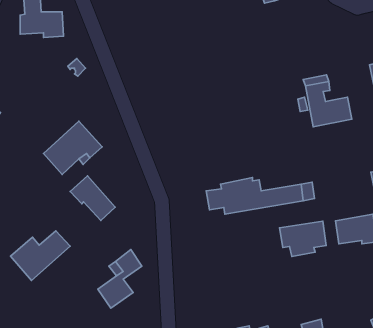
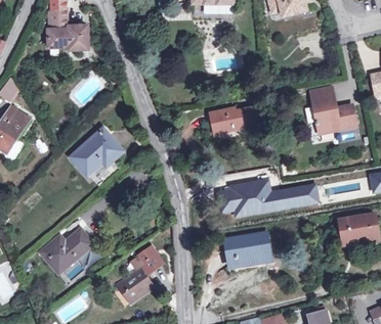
building: none -> [209,106,261,134]
building: [70,176,115,220] -> none
building: [280,221,326,256] -> [225,233,268,266]

